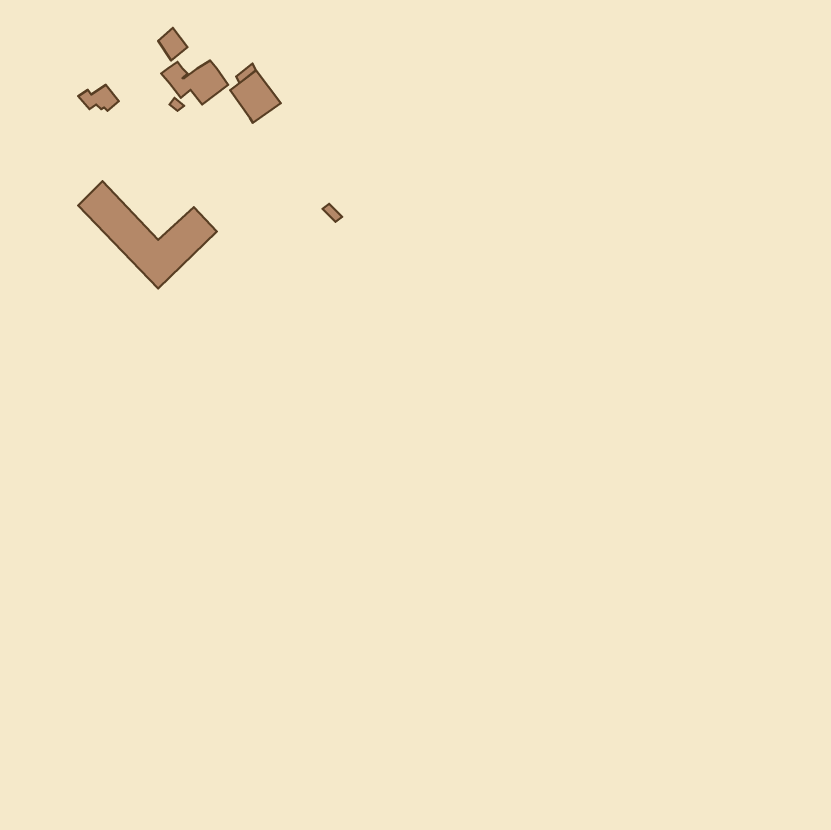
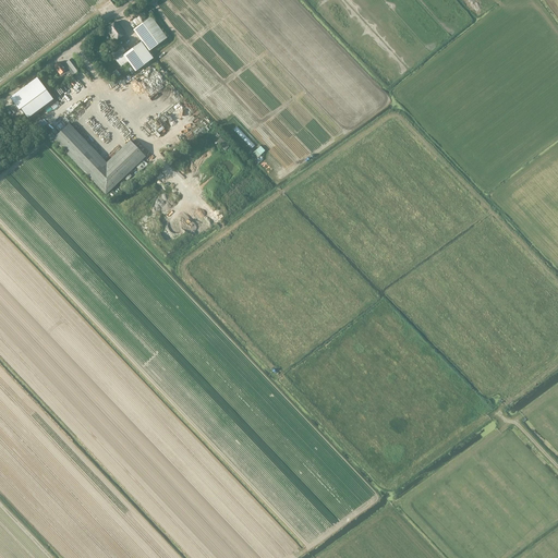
building: [230,71,281,123] -> [134,14,168,49]
building: none -> [12,80,53,117]

